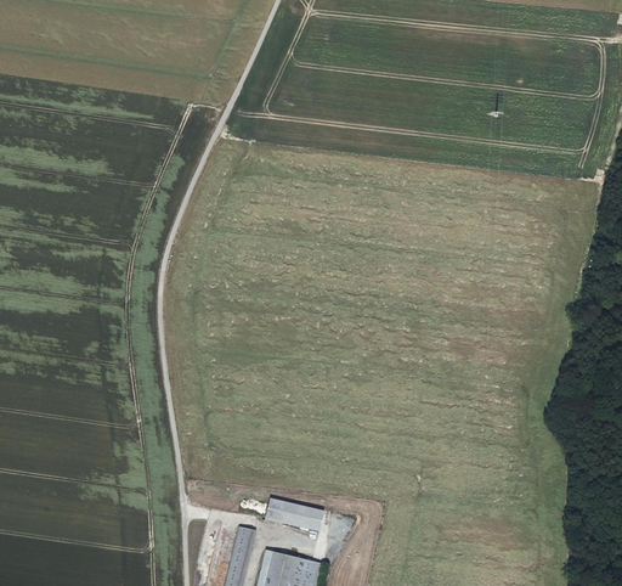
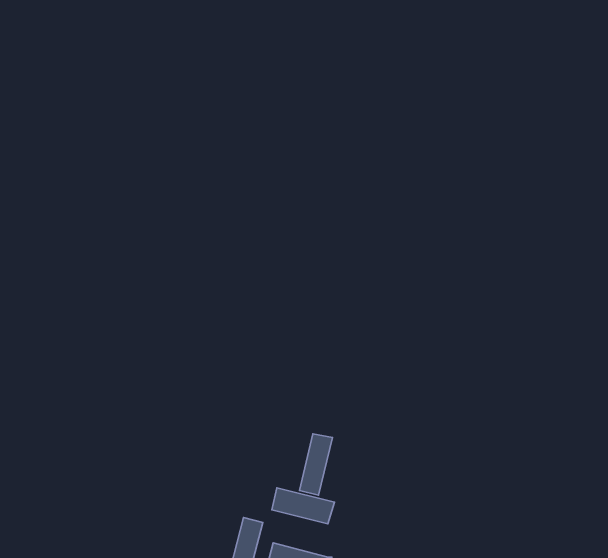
building: none -> [299,434,332,495]

